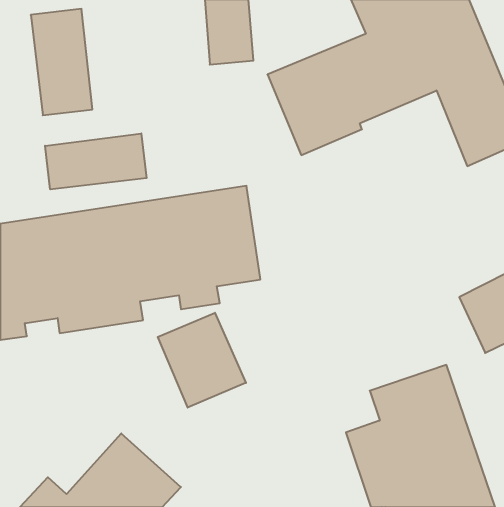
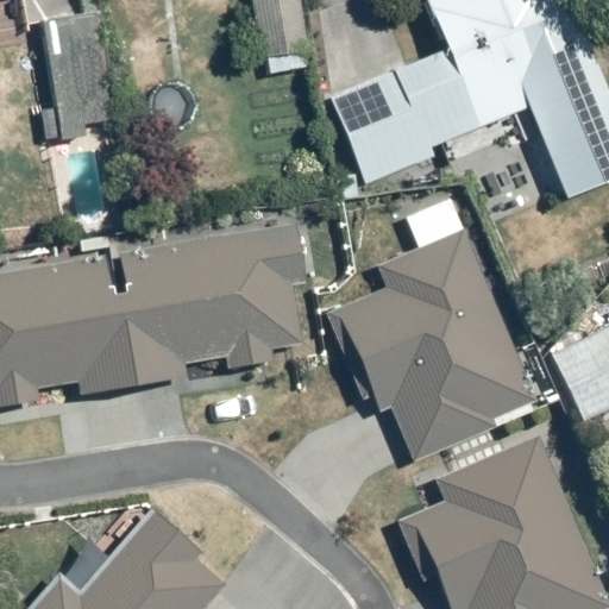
building: [45,133,147,189] -> none
building: none -> [334,195,538,459]
building: [158,313,246,408] -> none

